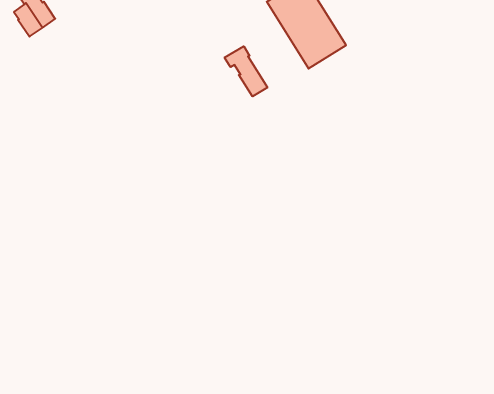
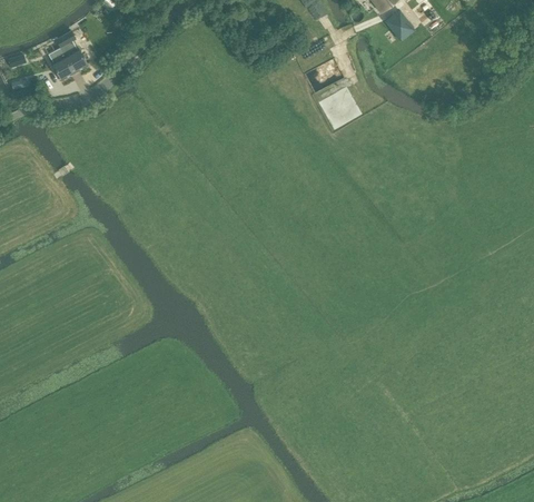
building: [225,46,267,96] -> none

